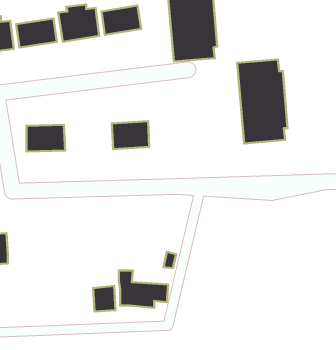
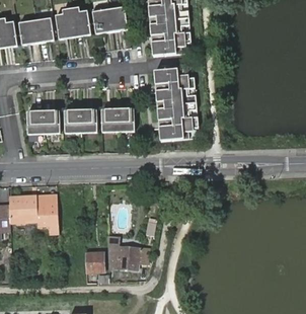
building: [237,59,287,143] -> [156,69,200,142]
building: none -> [64,110,97,134]
building: none -> [10,195,59,234]

